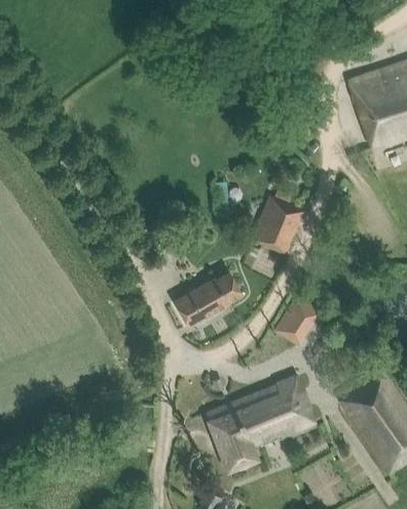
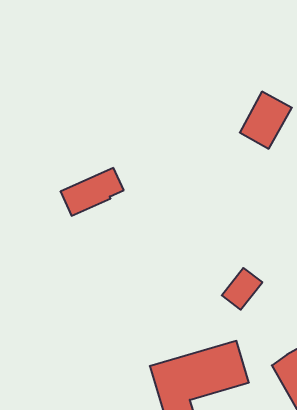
building: [250,193,303,254] -> [240,92,292,149]
building: [174,270,242,326] -> [60,168,124,216]

